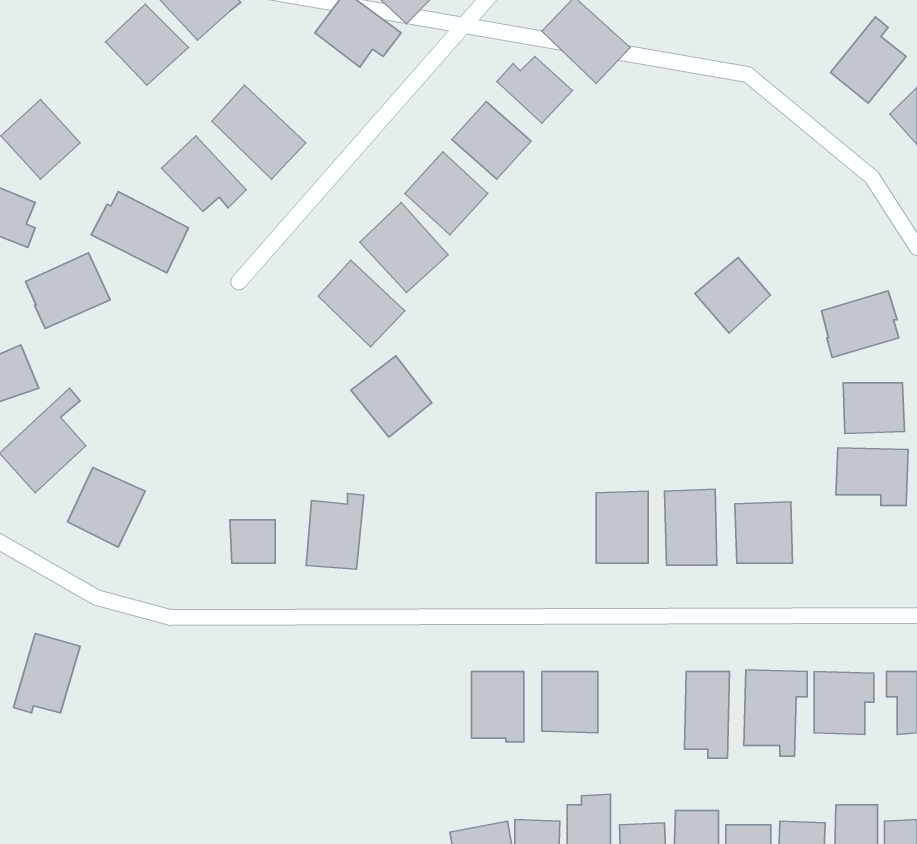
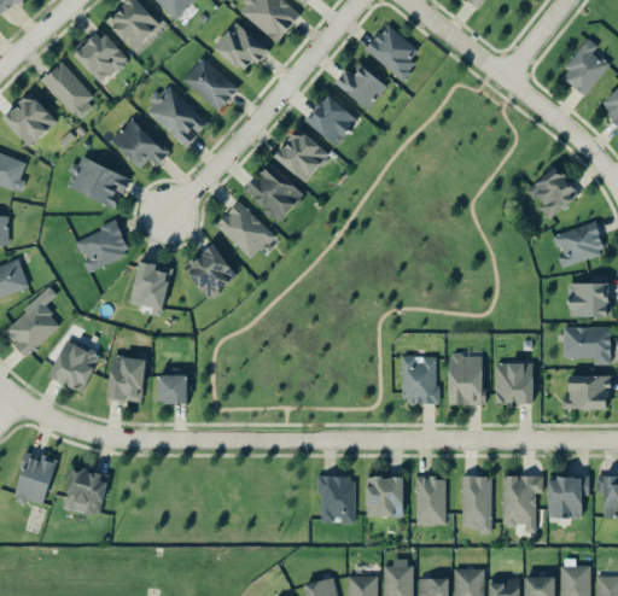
building: none -> [181,57,240,110]
building: none -> [41,60,97,117]
building: [25,253,110,329] -> [74,221,130,271]
building: [695,257,771,333] -> [526,166,577,217]
building: none -> [129,259,173,316]
building: [351,356,432,437] -> [183,244,238,298]
building: [306,493,364,569] -> [107,350,146,401]
building: none -> [562,374,610,409]
building: none -> [66,468,106,514]
building: none -> [415,475,445,525]

